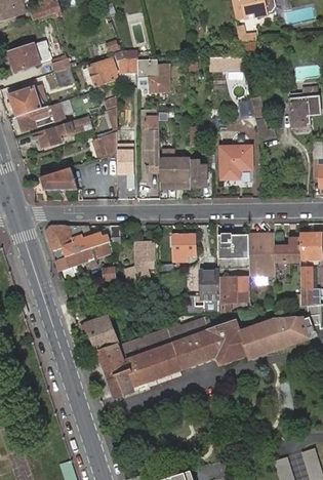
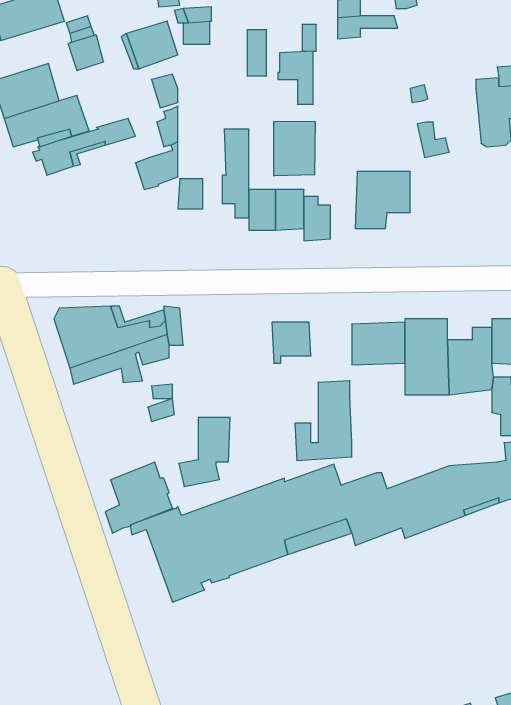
building: [136,61,157,91] -> [278,51,313,104]
building: none -> [274,121,315,176]
building: [40,167,78,190] -> none
building: [124,242,154,282] -> [179,417,230,487]
building: [216,276,249,304] -> none

